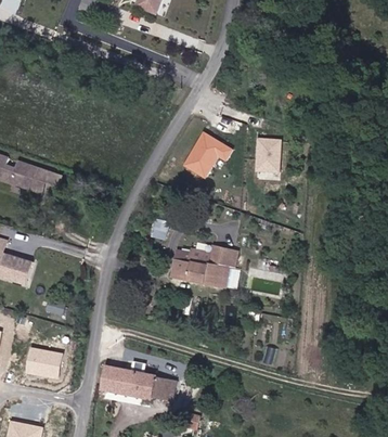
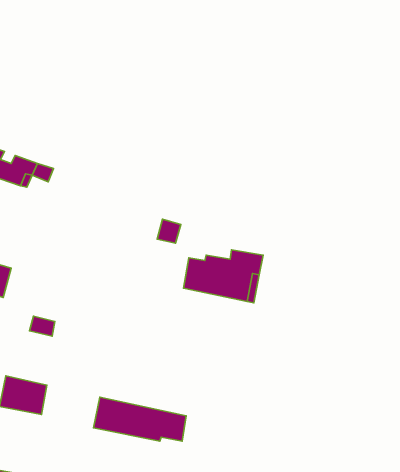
building: [181,131,232,178] -> none
building: [253,138,280,173] -> none

